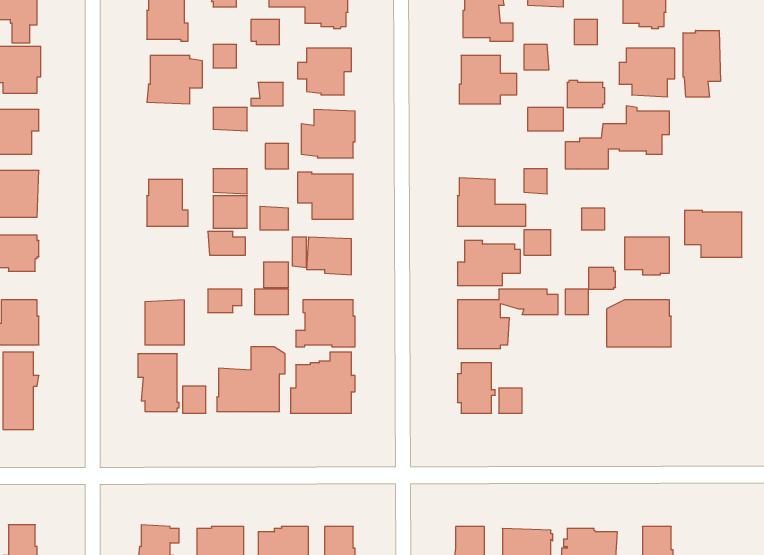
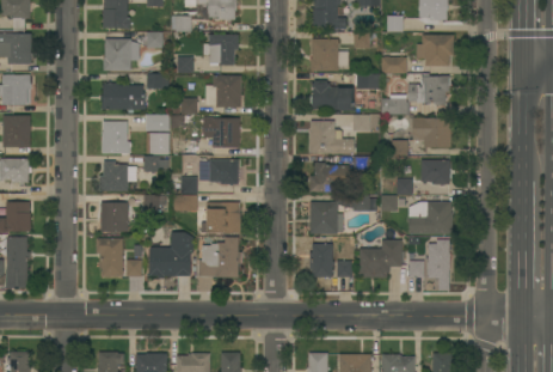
building: [683,30,720,97] -> none
building: none -> [312,80,354,110]
building: none -> [103,83,146,110]
building: [685,210,742,257] -> [413,117,451,148]
building: none -> [99,161,137,191]
building: none -> [360,240,403,278]
building: none -> [408,240,450,291]

